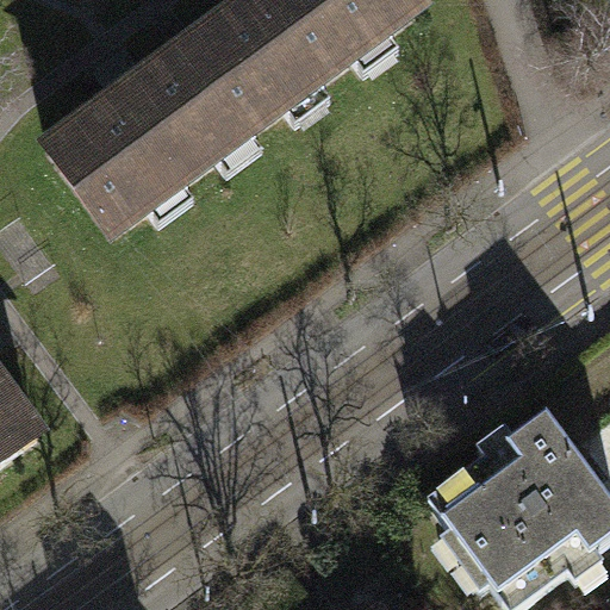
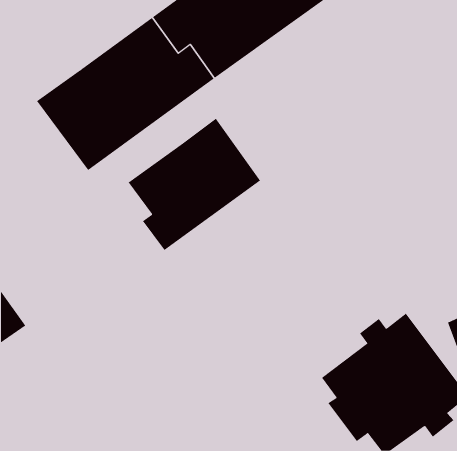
building: none -> [128,118,261,251]

